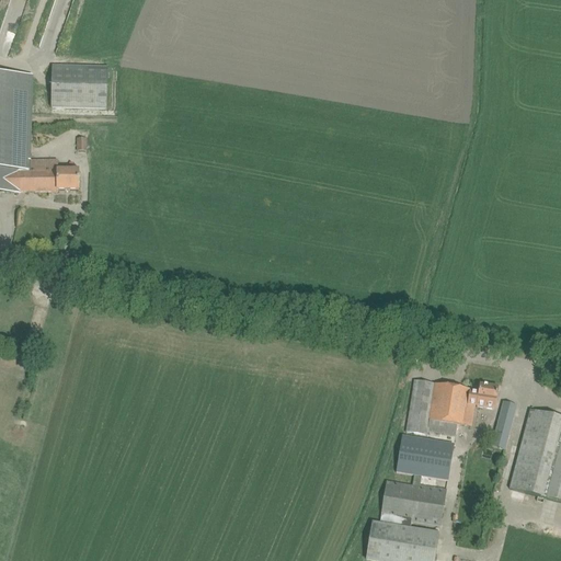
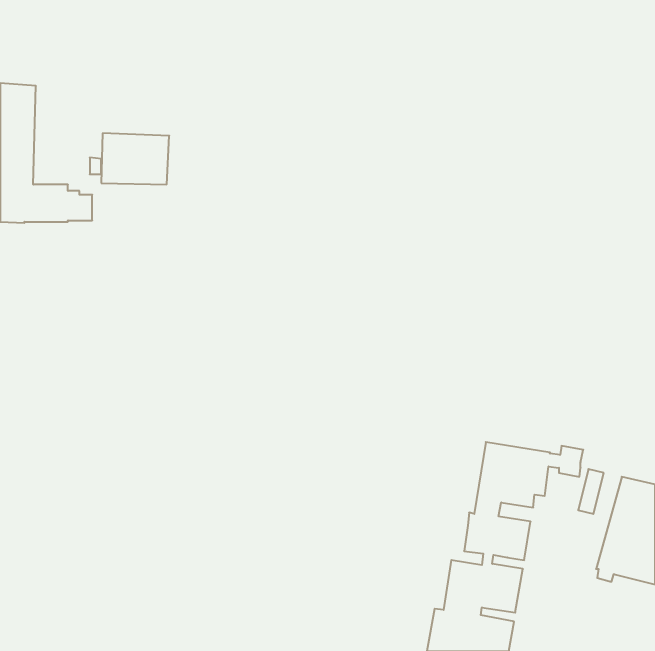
building: [50,62,108,106] -> [101,133,169,184]

